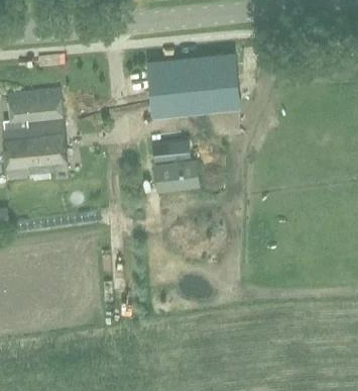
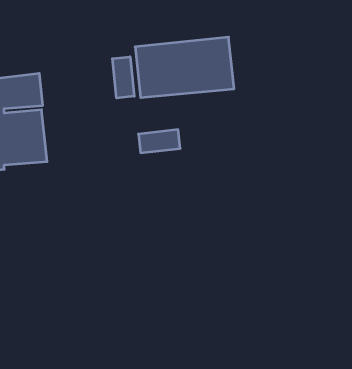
building: none -> [112,57,134,98]
building: [153,161,200,192] -> none

